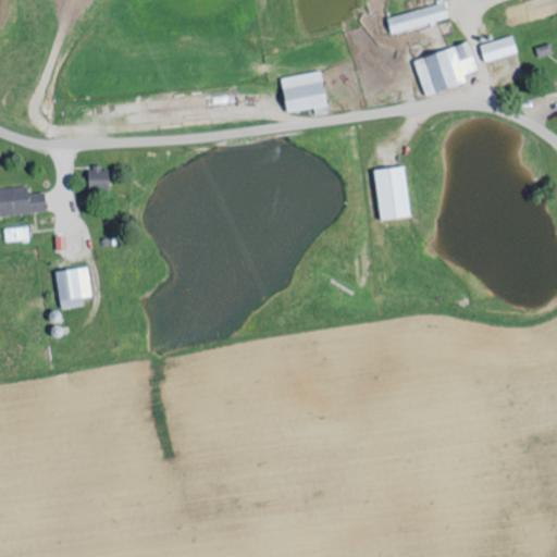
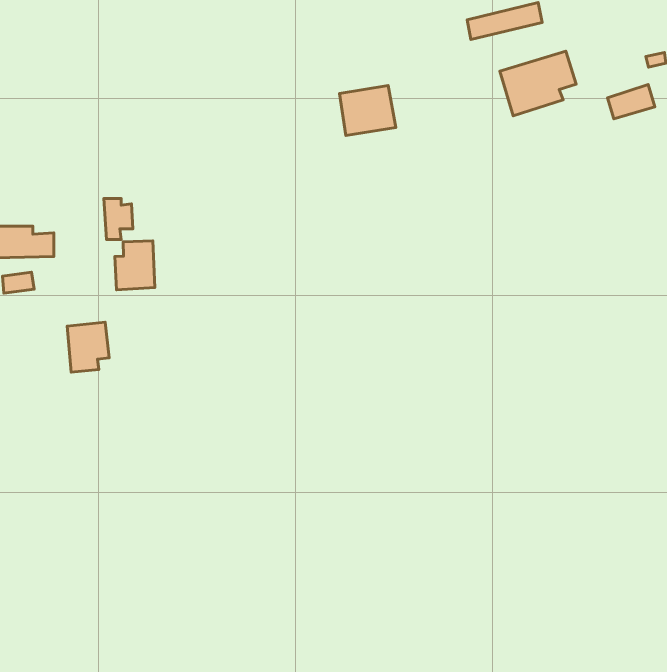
building: [478,34,517,62] -> [607,85,655,119]
building: [372,165,411,221] -> none
building: none -> [115,241,155,290]

